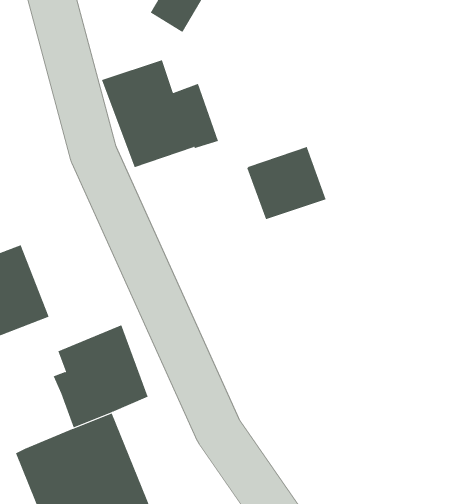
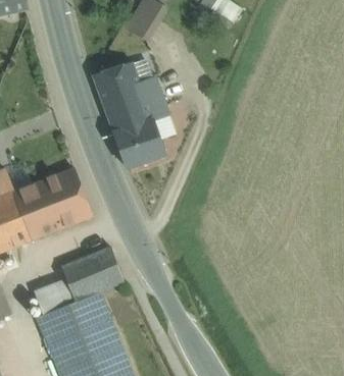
building: [247,146,327,220] -> [112,118,164,166]
building: none -> [40,168,92,228]
building: none -> [33,278,73,314]

